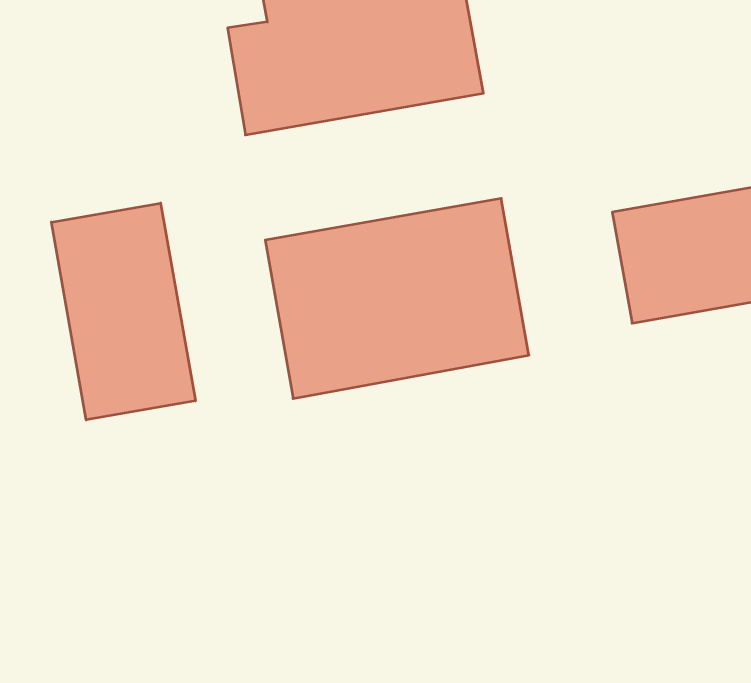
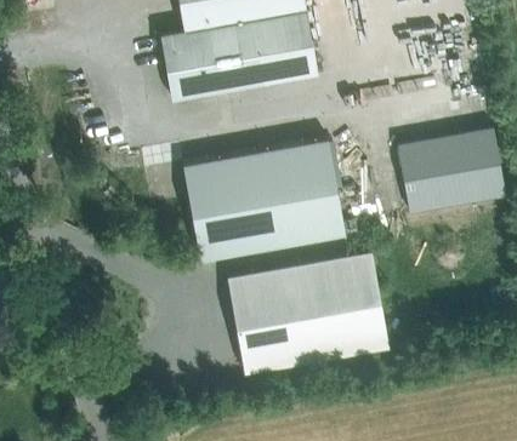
building: [51,203,195,420] -> none
building: none -> [228,252,390,373]

